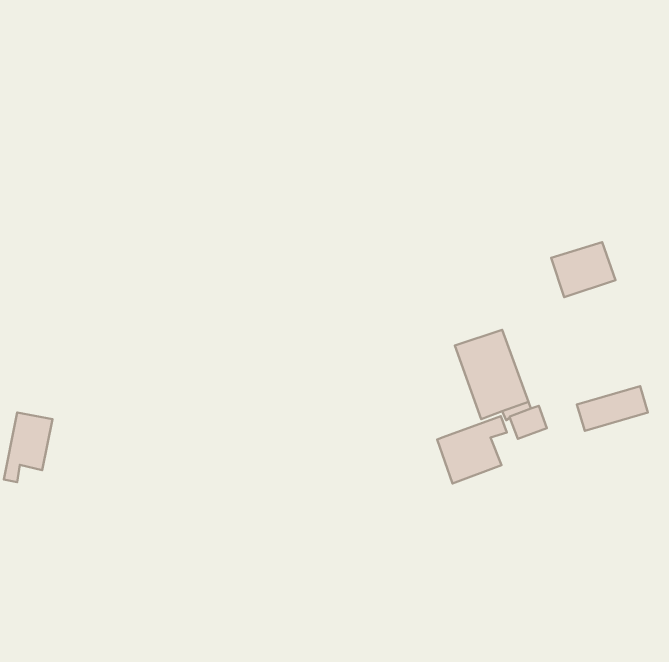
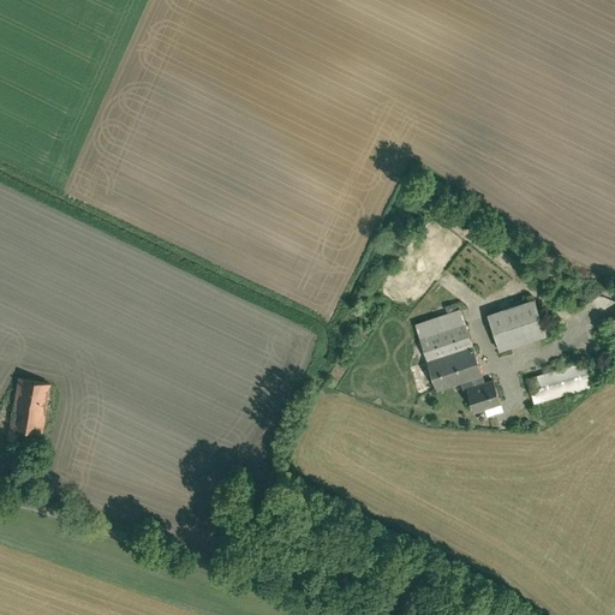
building: [551,242,615,297] -> [485,300,544,351]
building: [437,416,507,484] -> none

